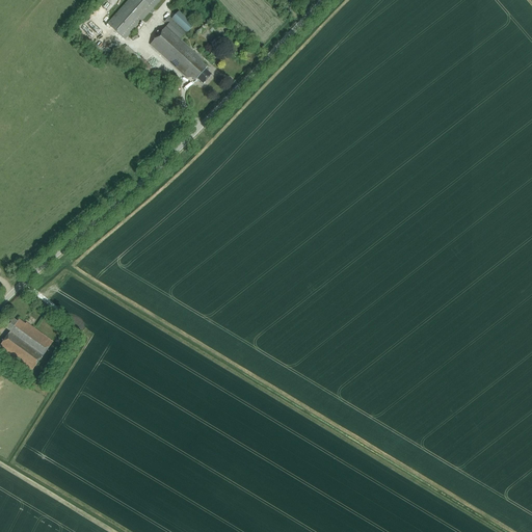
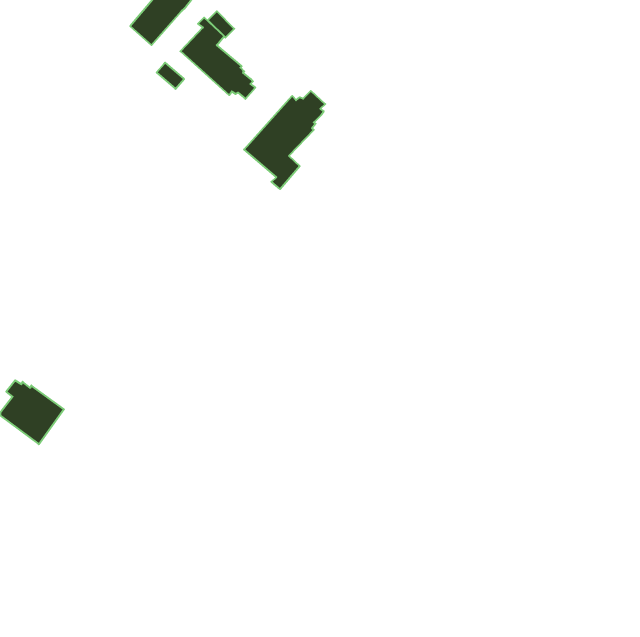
building: none -> [244,91,325,189]

